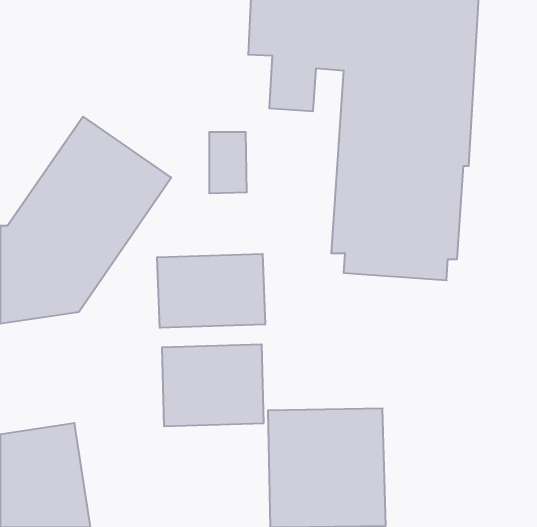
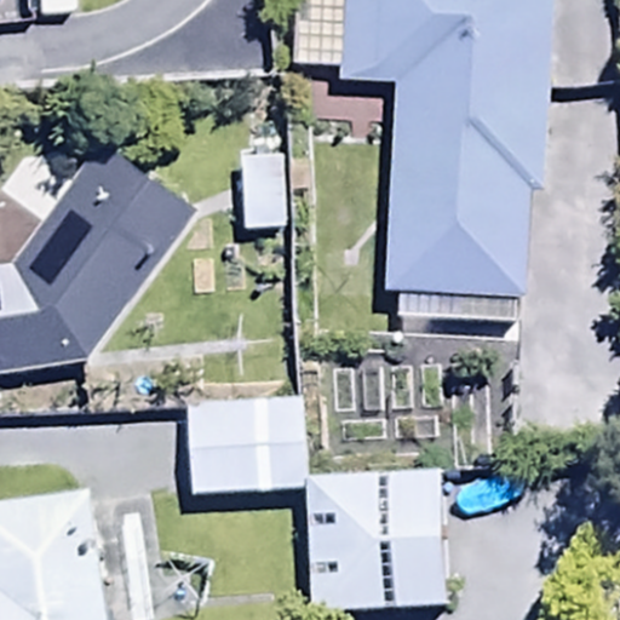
building: [157,254,265,328] -> none

